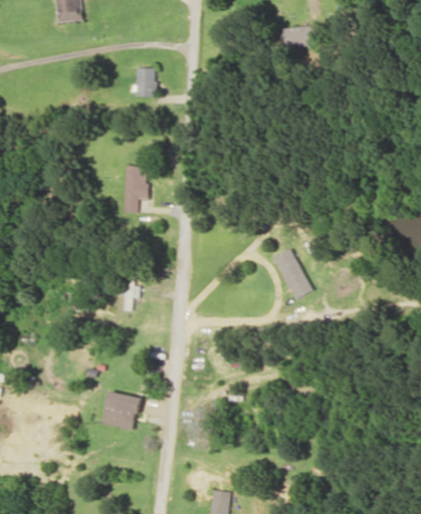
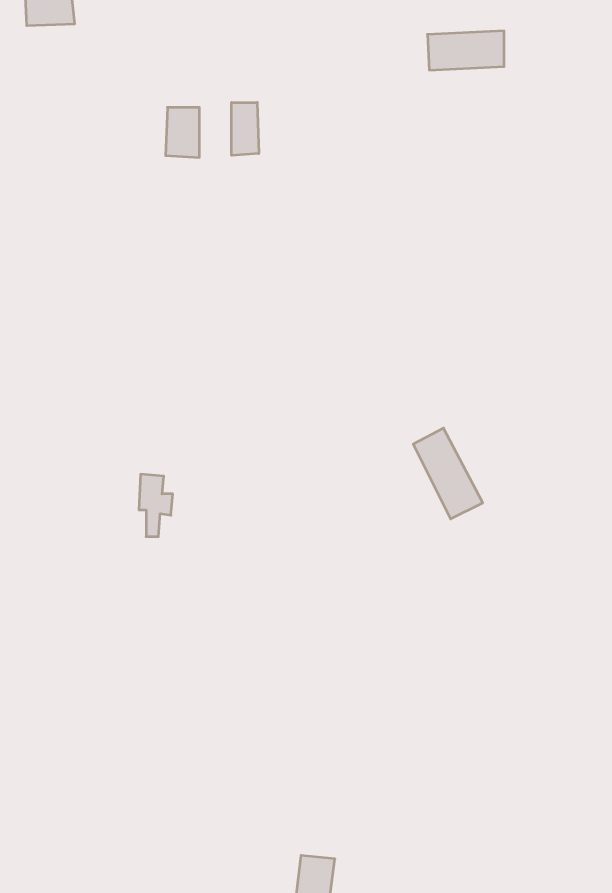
building: none -> [232,102,259,155]
building: [123,166,146,212] -> none
building: [101,392,141,431] -> none

